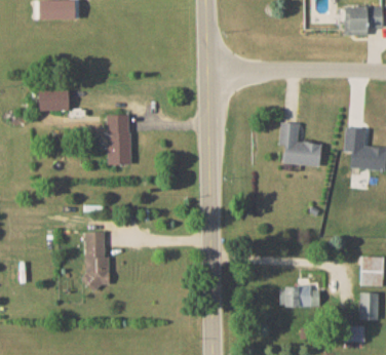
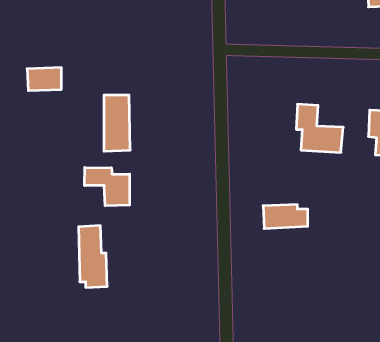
building: none -> [85,167,130,206]
building: [279,286,319,308] -> [263,205,308,229]

